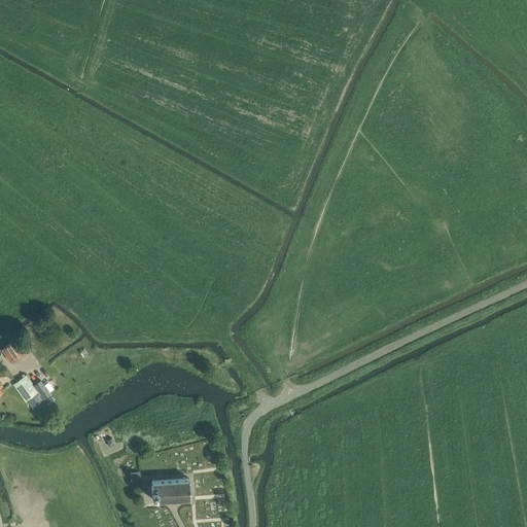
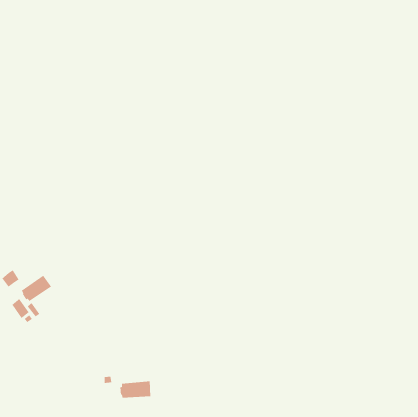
building: none -> [21,275,52,302]

